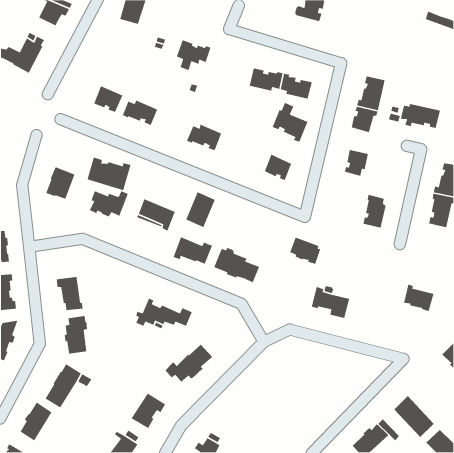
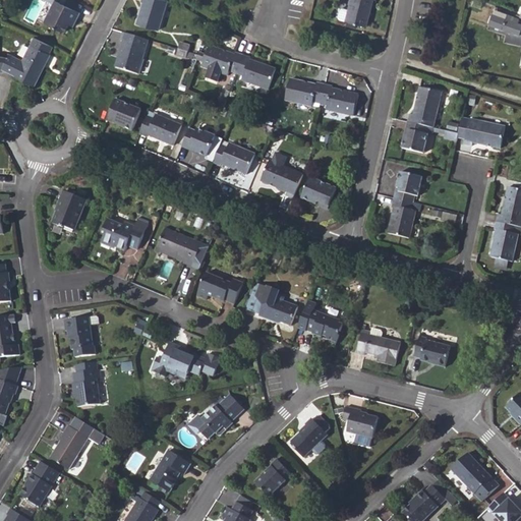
building: none -> [115,32,149,73]
building: none -> [236,54,275,88]
building: [271,102,309,143] -> [260,151,303,197]
building: none -> [182,127,223,162]
building: [86,157,132,191] -> none
building: [185,191,216,228] -> none
building: [362,194,386,228] -> [388,197,415,237]
building: [289,236,321,265] -> [306,308,343,341]
building: [403,284,434,312] -> [415,334,451,366]
building: none -> [343,405,379,437]
building: none -> [292,415,330,456]
building: none -> [254,457,293,496]

